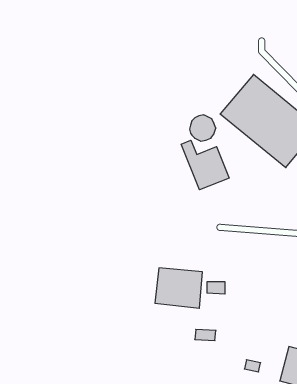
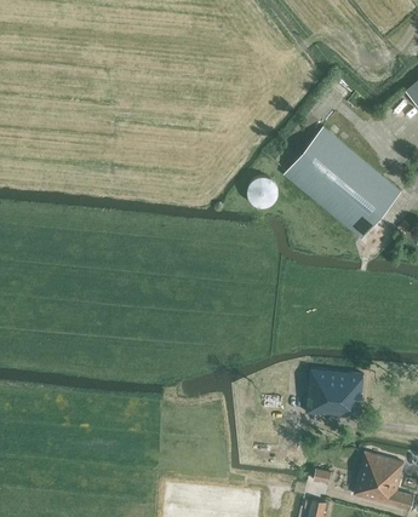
building: [181,140,229,190] -> none
building: [155,268,202,308] -> [307,369,363,418]

